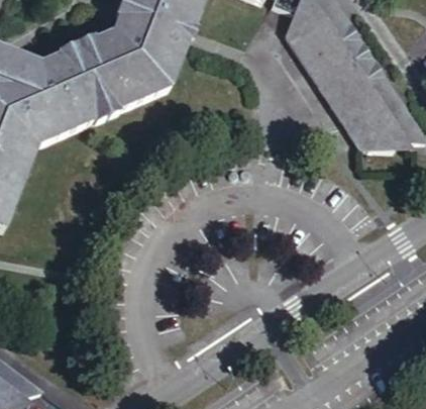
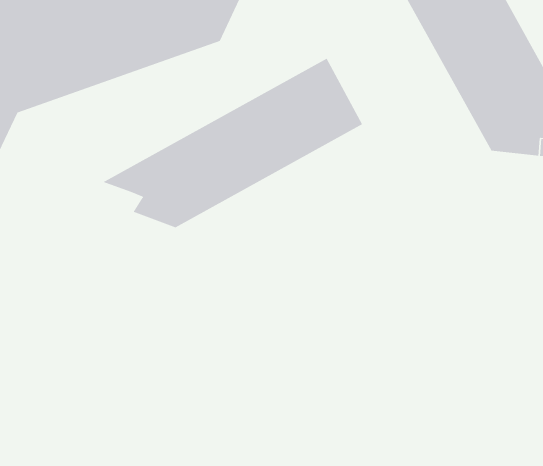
building: none -> [102,58,363,228]

